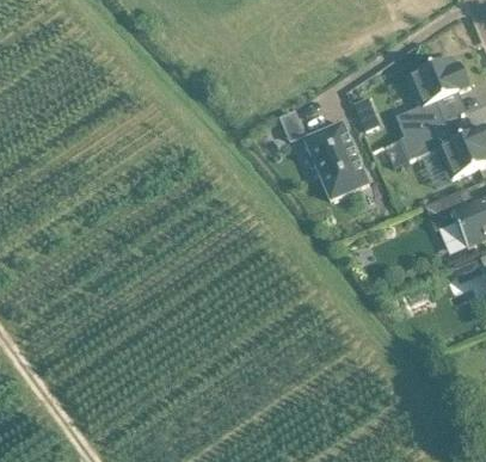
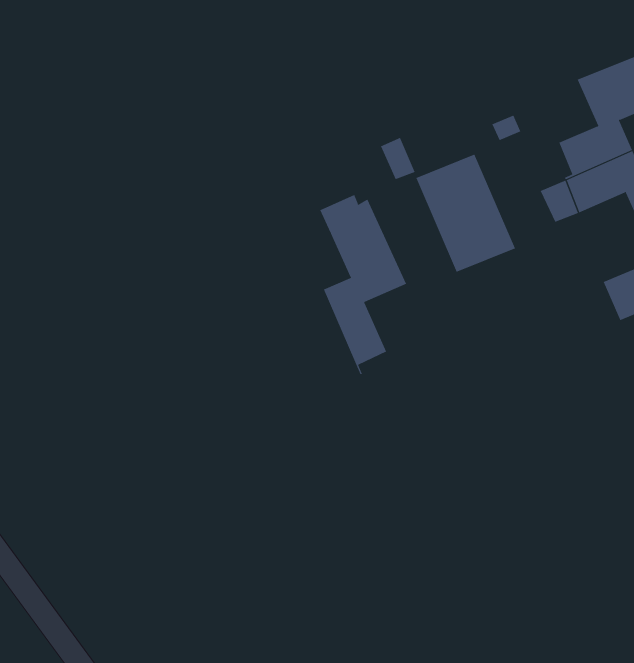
building: none -> [320,194,407,375]

